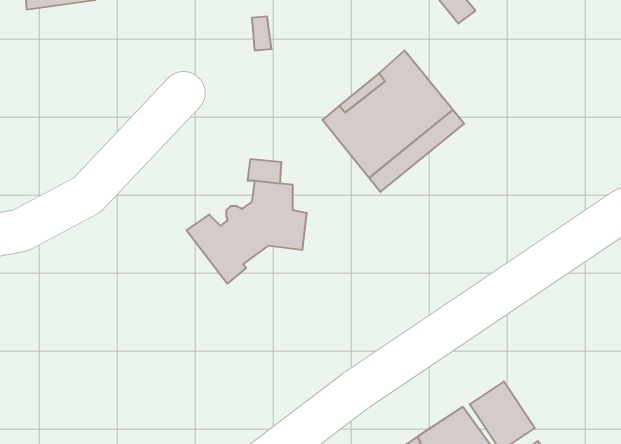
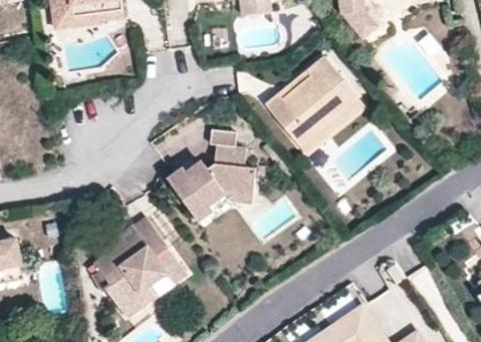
building: none -> [91,217,185,317]

